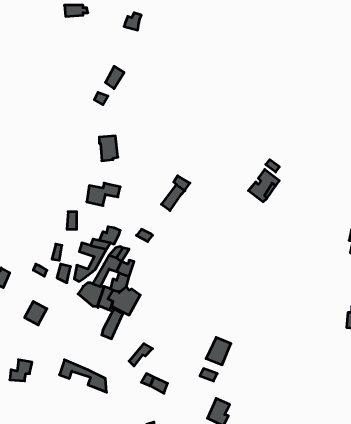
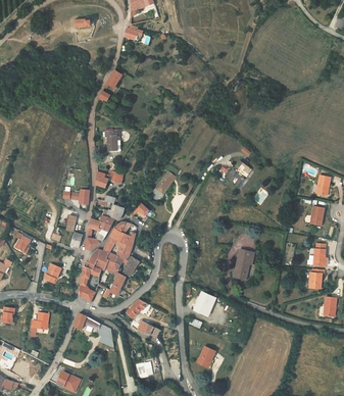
building: none -> [231,248,252,278]
building: none -> [77,258,99,299]

